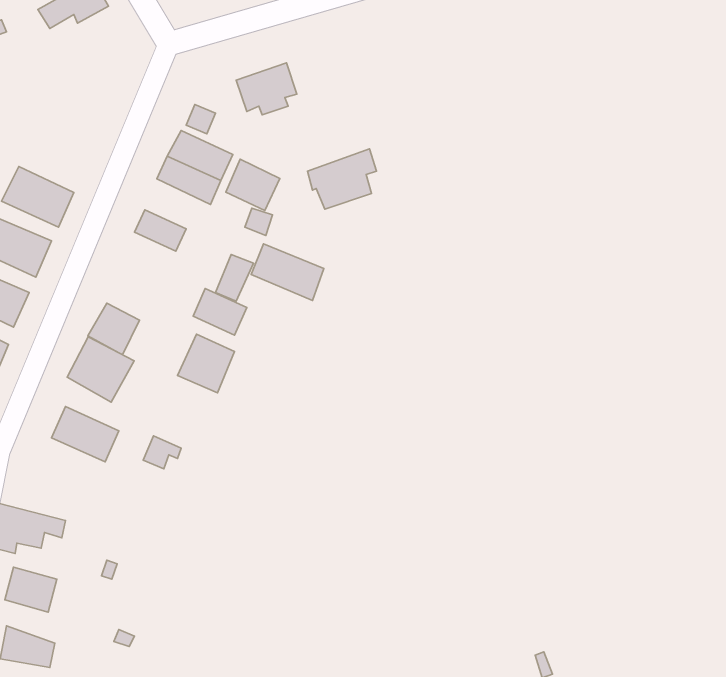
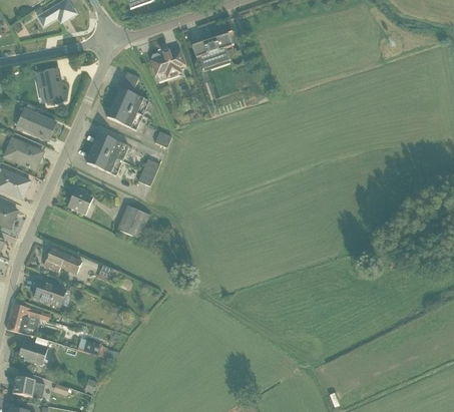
building: none -> [35,68,64,102]
building: [307,149,377,209] -> [190,32,231,67]
building: [226,159,280,210] -> none
building: [251,244,324,301] -> none
building: [193,288,247,335] -> [84,144,115,171]
building: [67,337,134,402] -> none
building: none -> [34,278,67,306]

